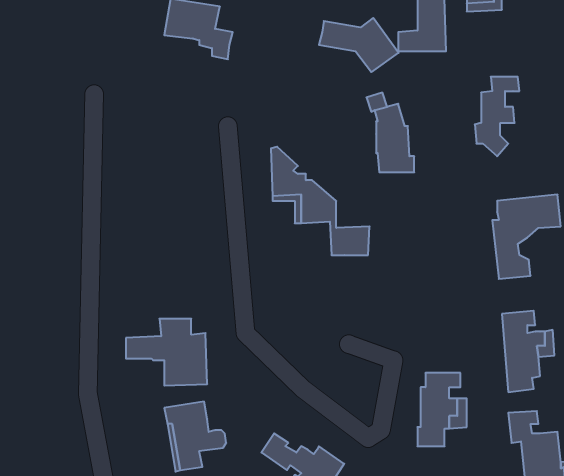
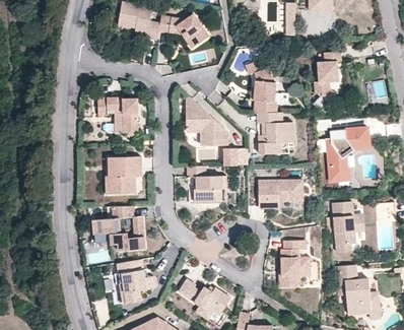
building: [319,18,399,72] -> [158,14,209,49]
building: none -> [97,95,138,130]
building: none -> [256,112,292,154]
building: none -> [108,156,141,194]
building: none -> [186,166,220,201]
building: none -> [258,179,304,208]

